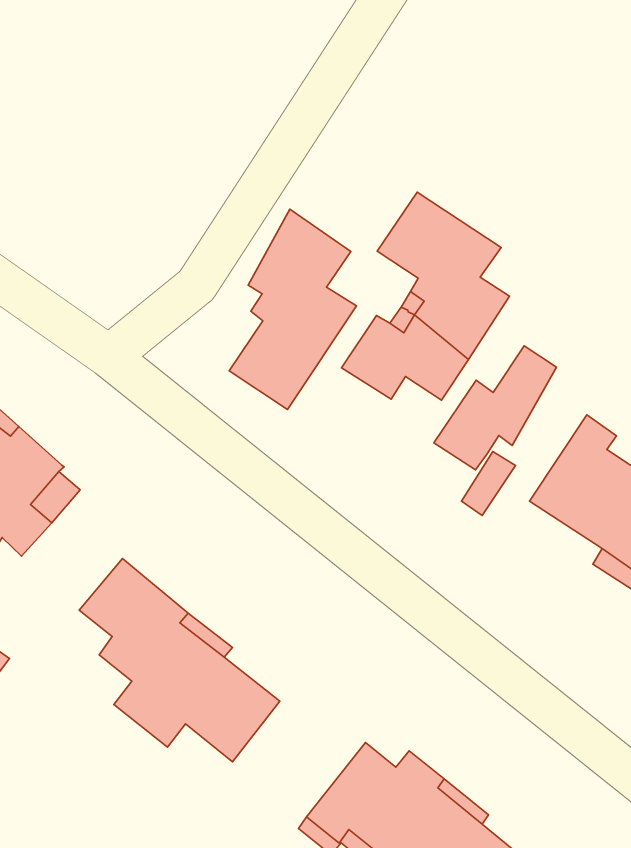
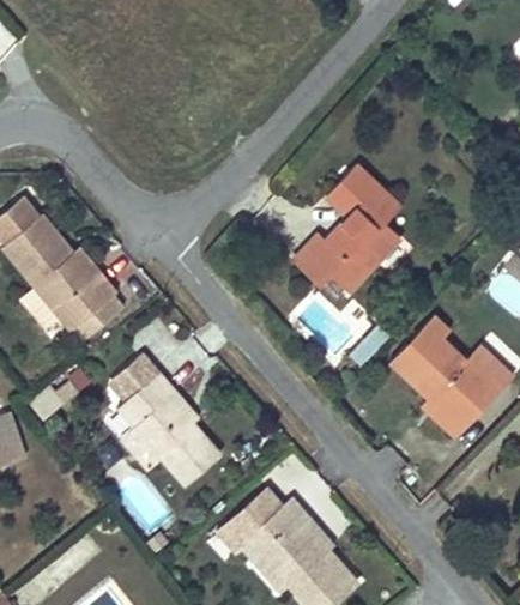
building: [229,209,357,409] -> none
building: [434,346,557,470] -> none

